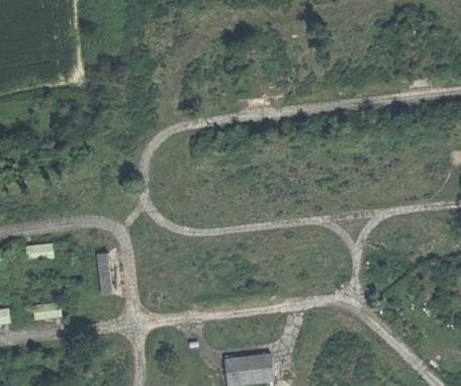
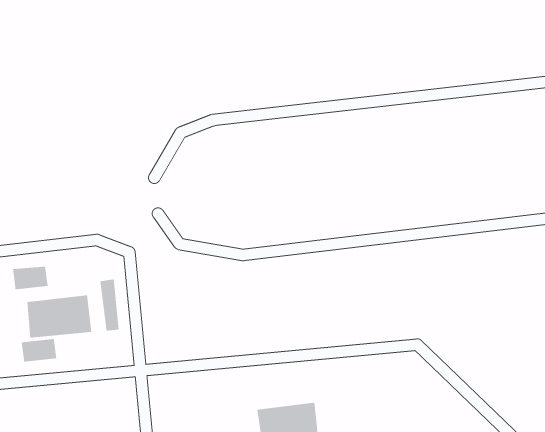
building: none -> [27,294,92,339]

